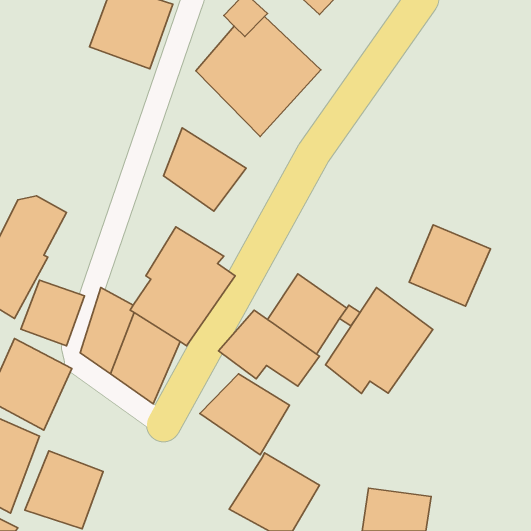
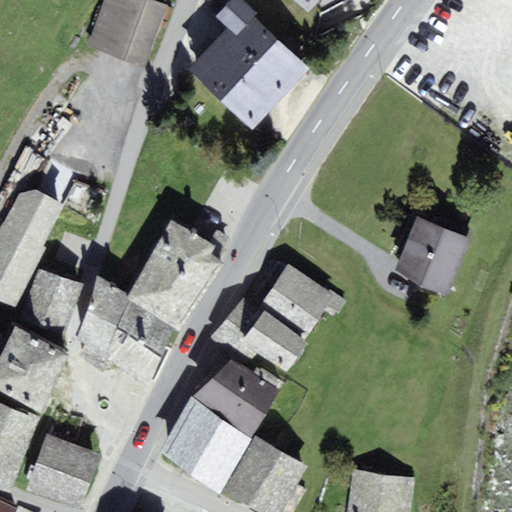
building: [163,128,246,211] -> none
building: [325,288,433,394] -> none
building: none -> [158,397,252,494]

